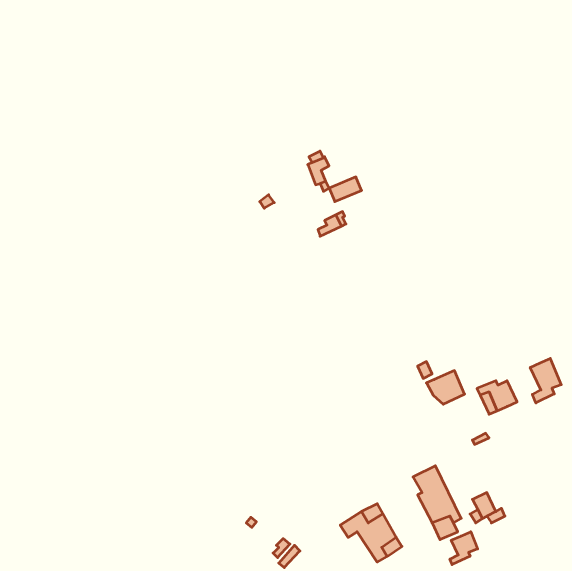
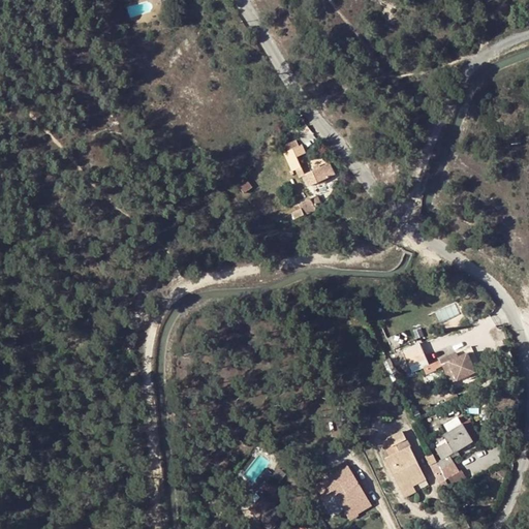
building: [530,358,561,403] -> none
building: none -> [443,424,472,452]
building: [450,532,478,565] -> none

